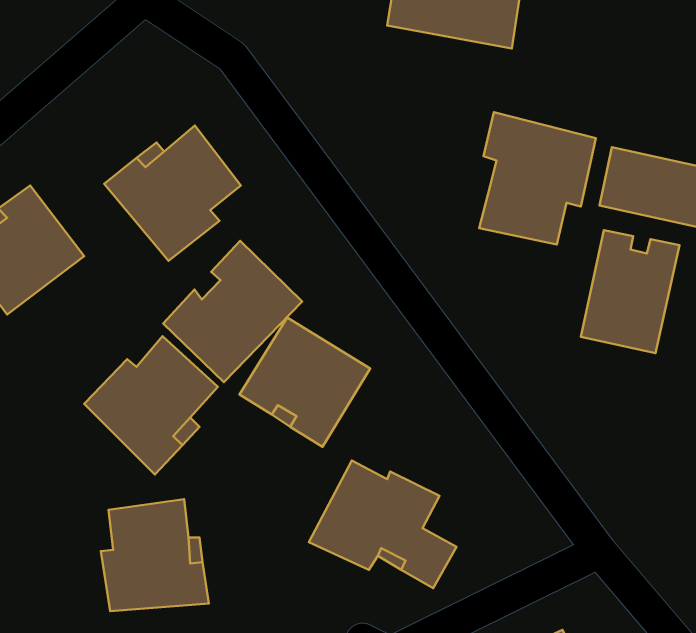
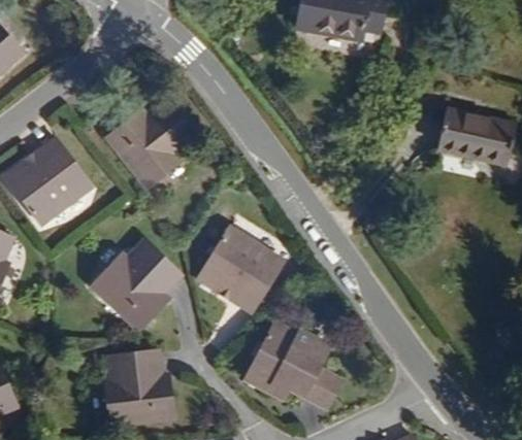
building: [479,112,596,244] -> none
building: [581,230,680,353] -> none
building: [163,241,302,382] -> none

